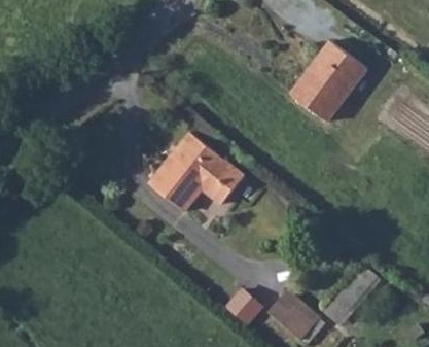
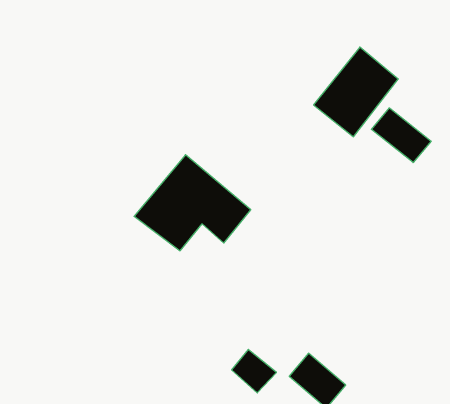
building: none -> [371,108,431,163]
building: [325,261,384,322] -> none

